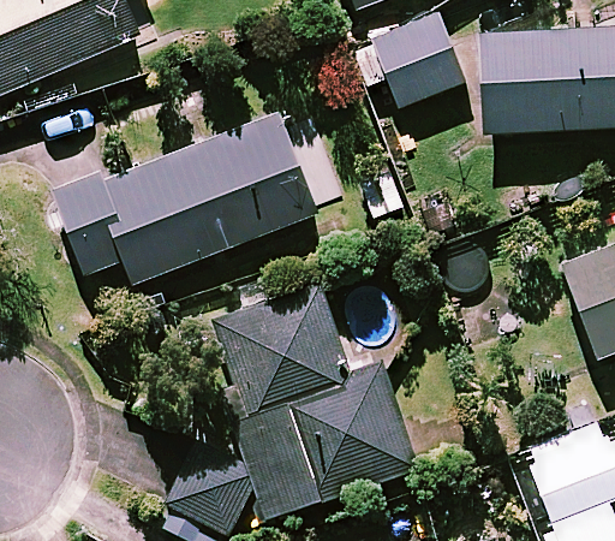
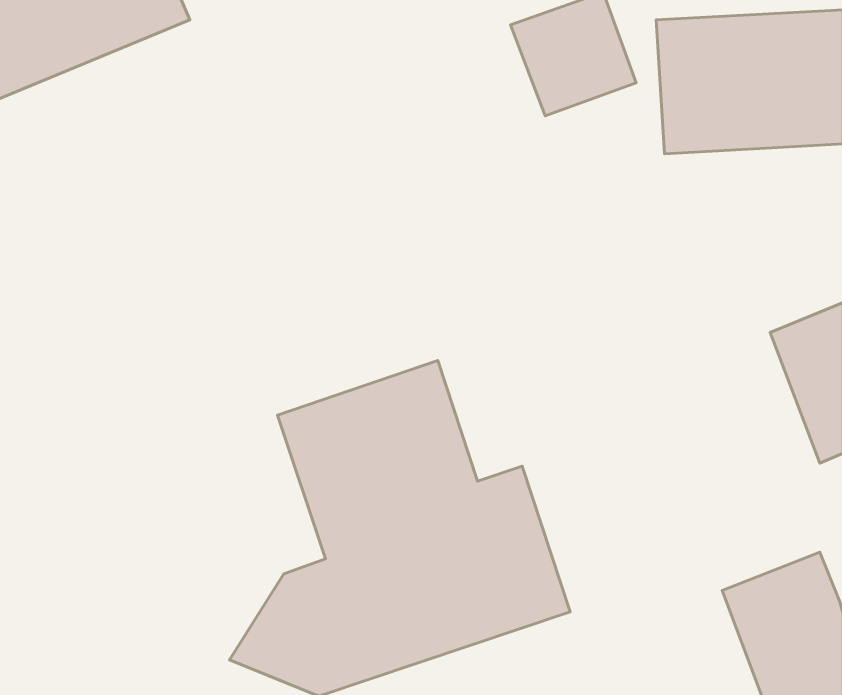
building: [55,114,315,283] -> none

